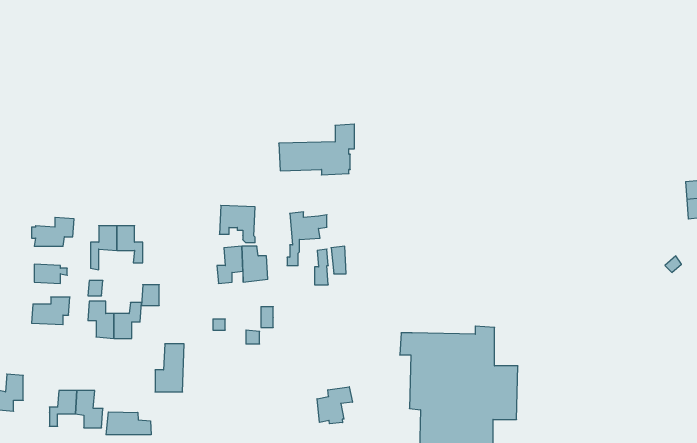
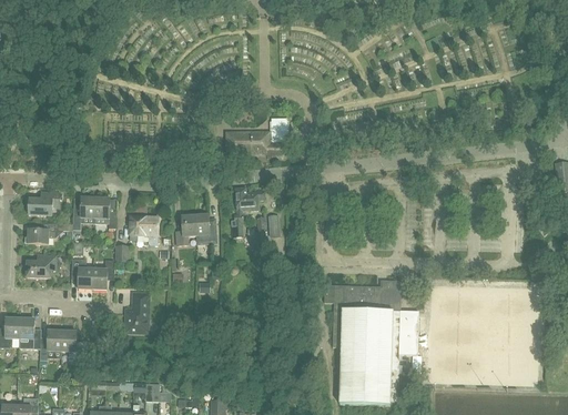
building: [219,205,255,243] -> [129,215,158,245]
building: none -> [19,318,40,348]
building: [317,387,352,424] -> none
building: [106,412,151,435] -> none

